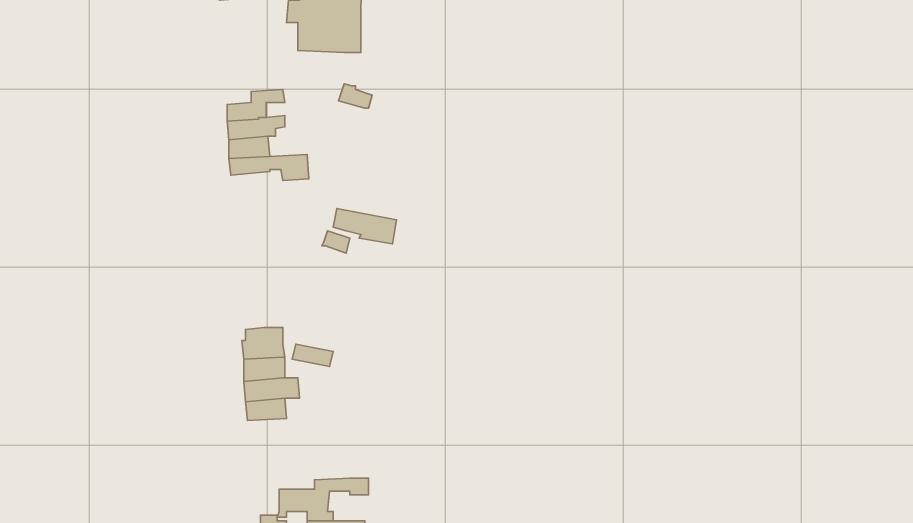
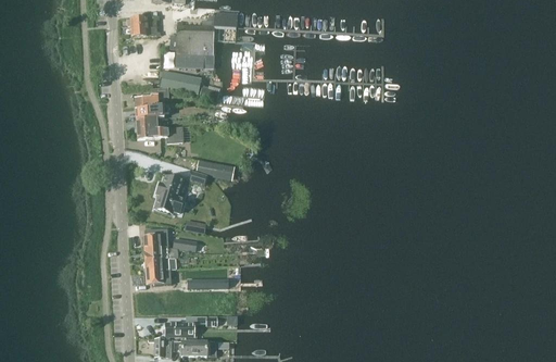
building: none -> [162,70,203,93]
building: none -> [155,174,185,212]

